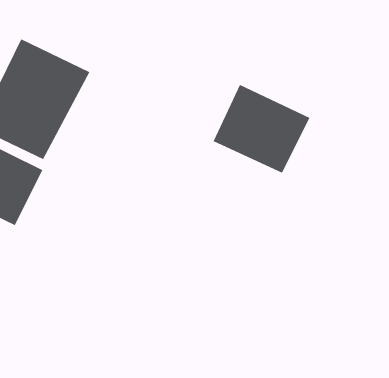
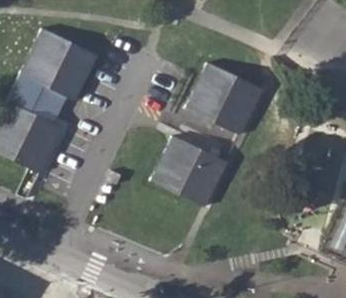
building: none -> [150,136,224,203]

